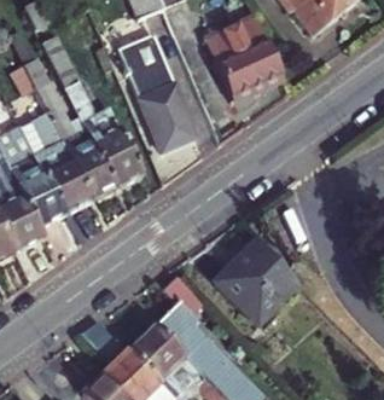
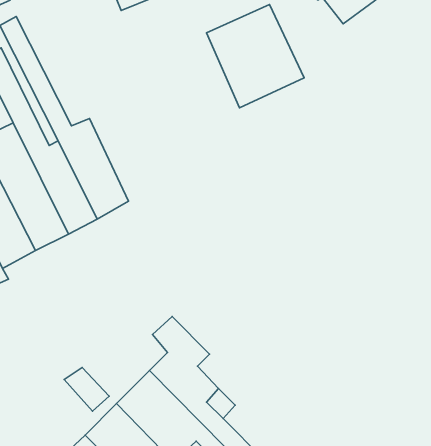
building: [116,37,192,153] -> none
building: [217,233,304,320] -> none

